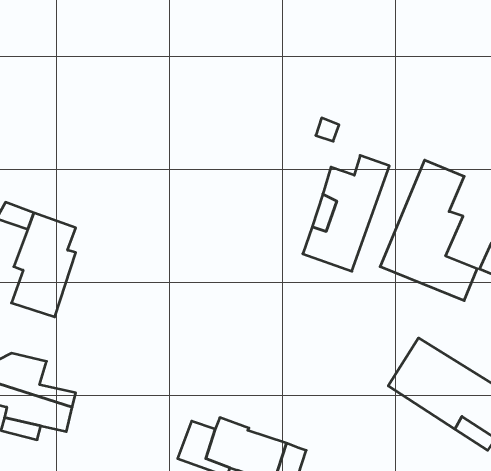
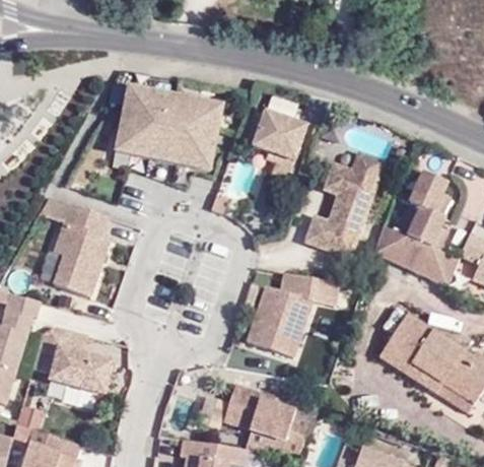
building: none -> [114,87,221,172]
building: none -> [253,114,303,178]
building: none -> [247,273,335,356]

